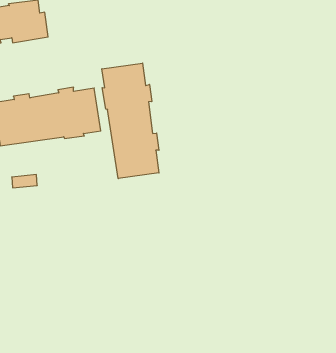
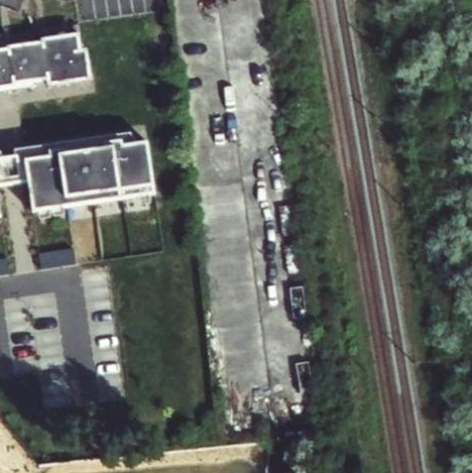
building: [102,63,159,179] -> none

